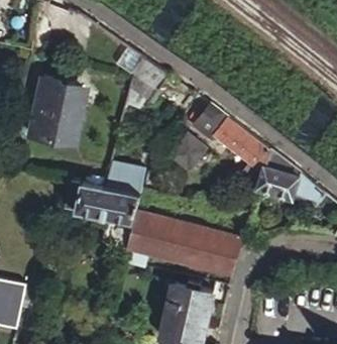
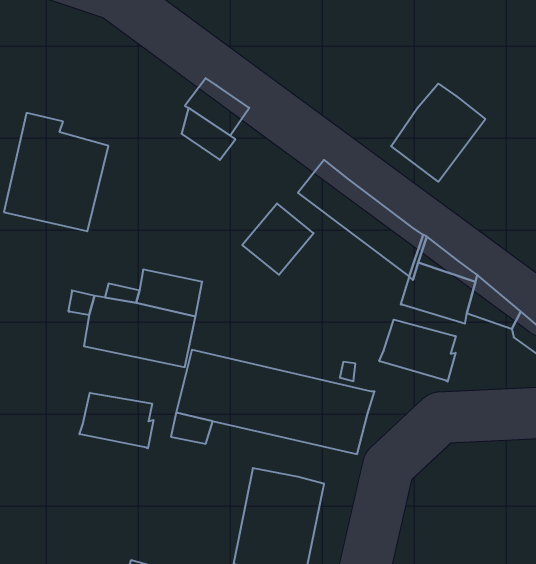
building: none -> [391,84,485,182]
building: none -> [379,320,456,382]
building: none -> [79,393,153,448]

